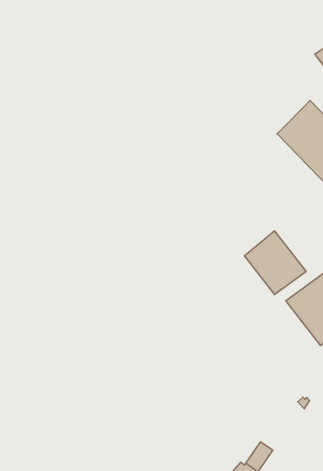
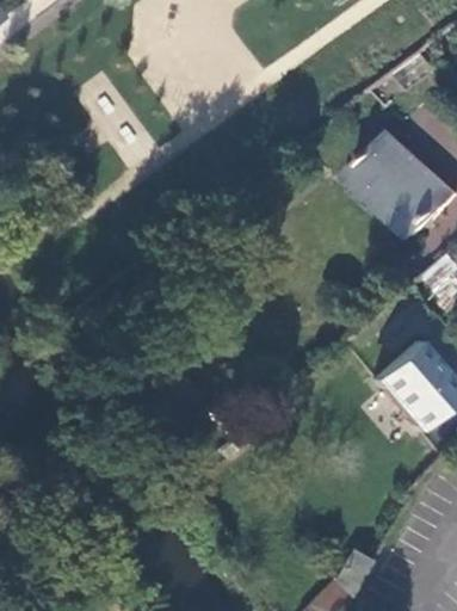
building: [244,231,306,295] -> none

